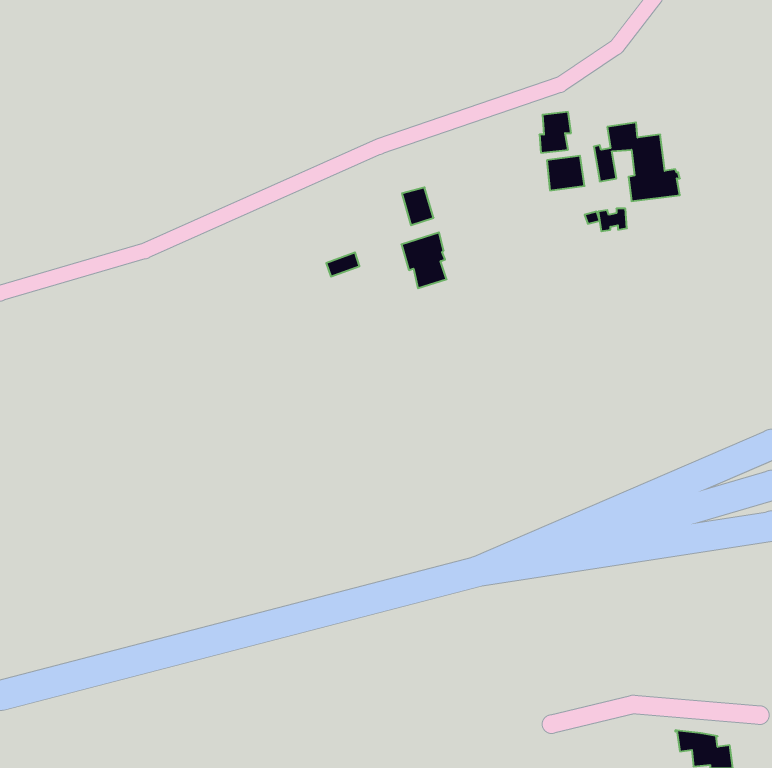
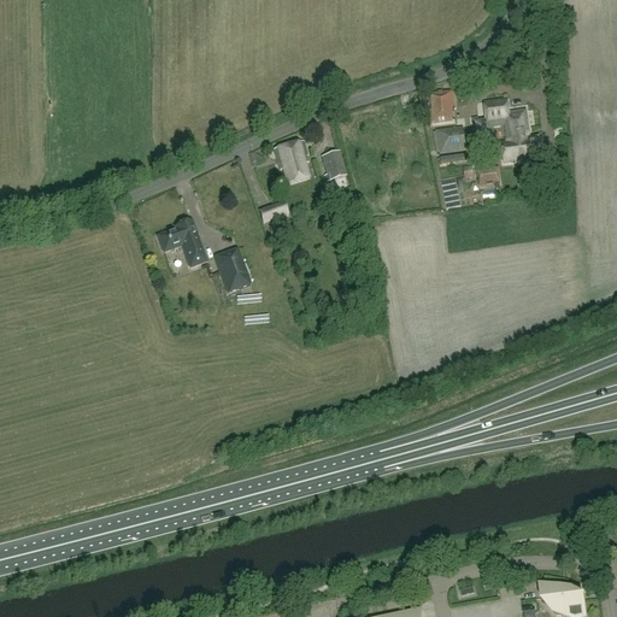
building: [401,232,447,288] -> [274,139,310,183]
building: none -> [158,219,206,265]
building: none -> [216,248,249,290]

